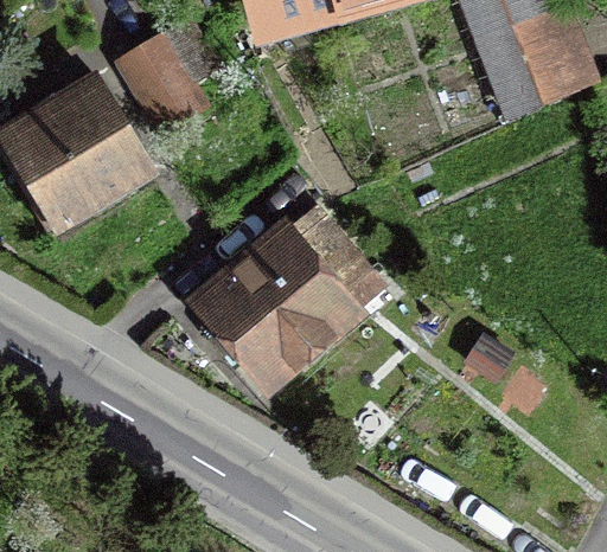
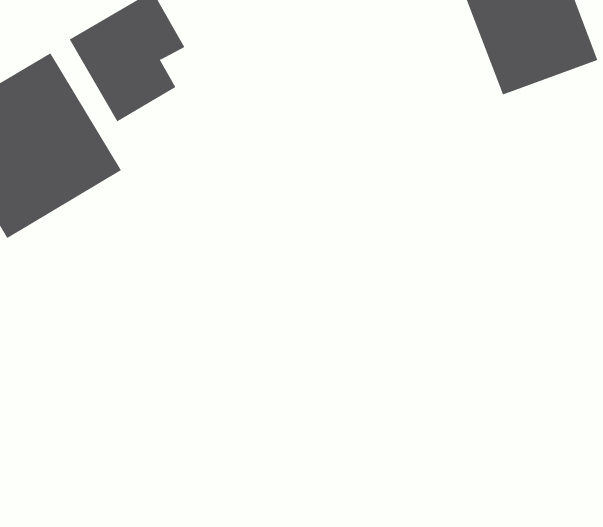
building: [191,208,381,385] -> none

